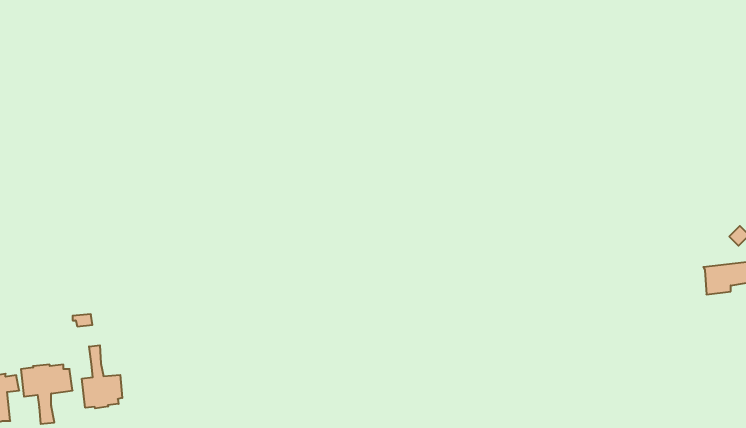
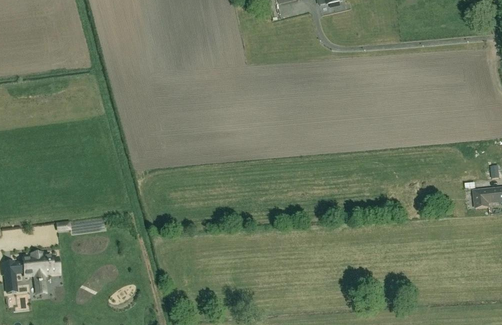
building: [82,345,122,408] -> none

